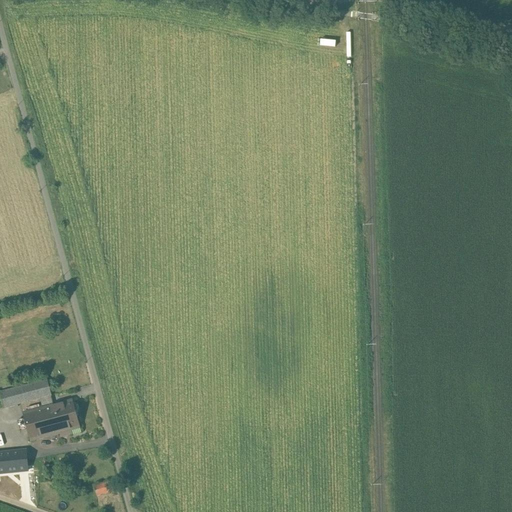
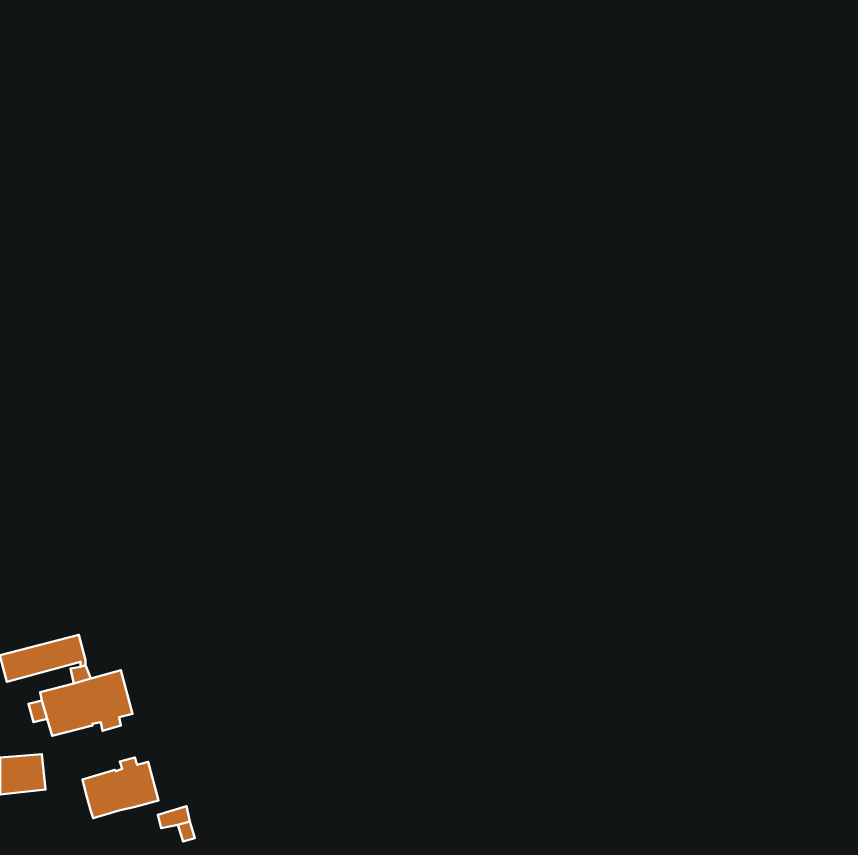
building: none -> [83,758,159,818]

